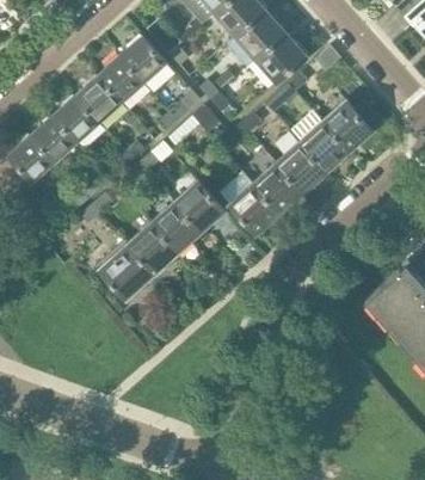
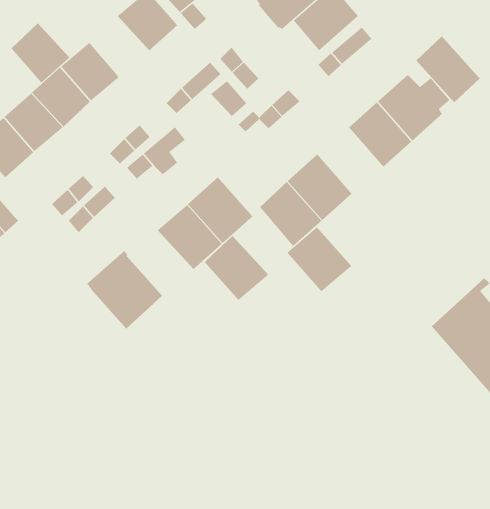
building: [97,55,143,103] -> [10,22,70,84]
building: none -> [416,36,480,103]
building: [275,142,326,193] -> [286,226,352,292]
building: [127,222,178,273] -> [203,235,269,301]

